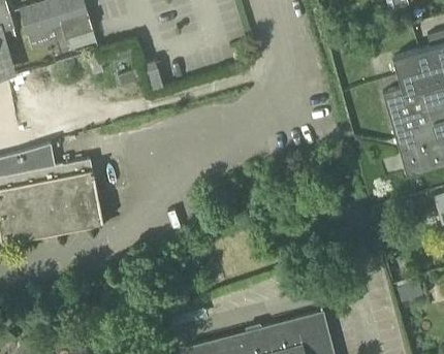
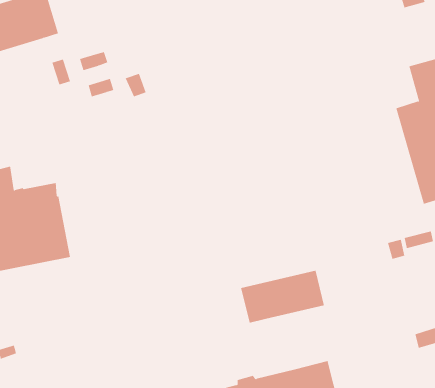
building: none -> [241,270,325,323]

